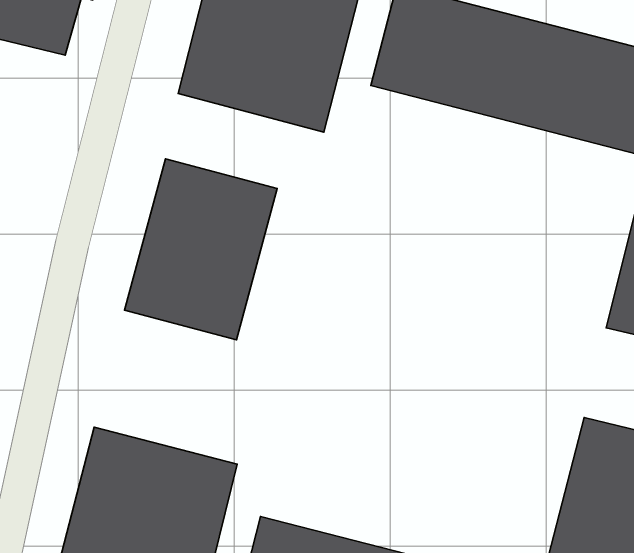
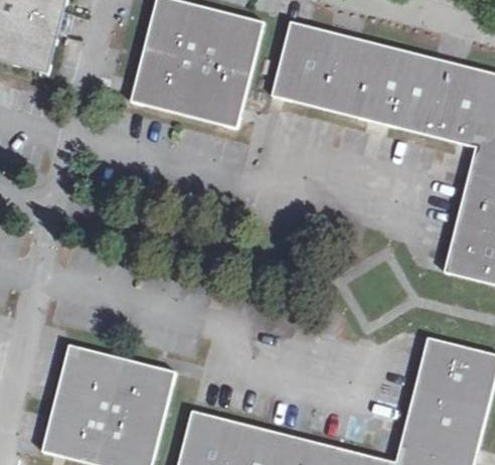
building: [124,159,277,340] -> none

